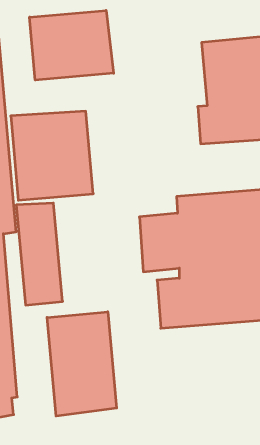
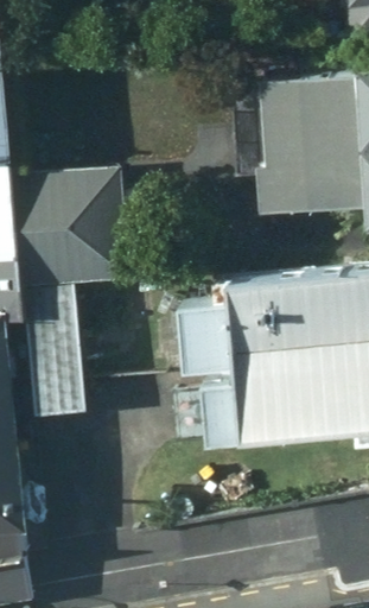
building: [30,10,114,80] -> none
building: [47,312,117,416] -> none

